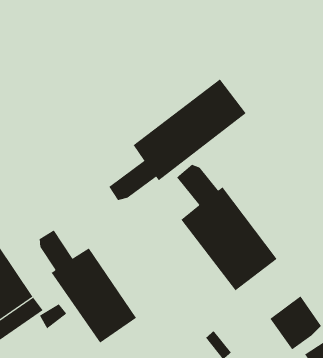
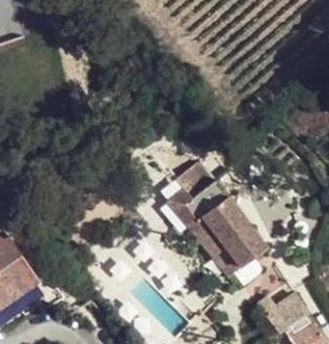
building: [109,79,247,201] -> none
building: [39,230,137,343] -> none

